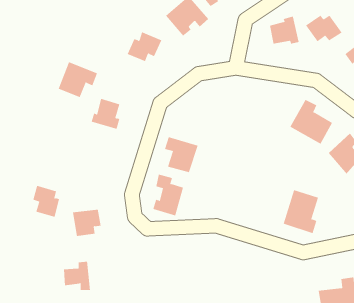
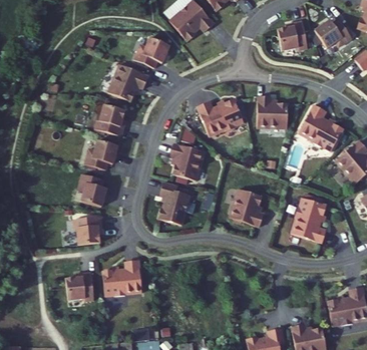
building: [58,61,98,98] -> [105,63,146,100]
building: none -> [256,95,288,128]
building: none -> [198,99,243,136]
building: none -> [85,139,118,168]
building: none -> [228,189,264,229]
building: [32,185,60,218] -> [78,173,106,207]
building: none -> [103,261,141,296]

